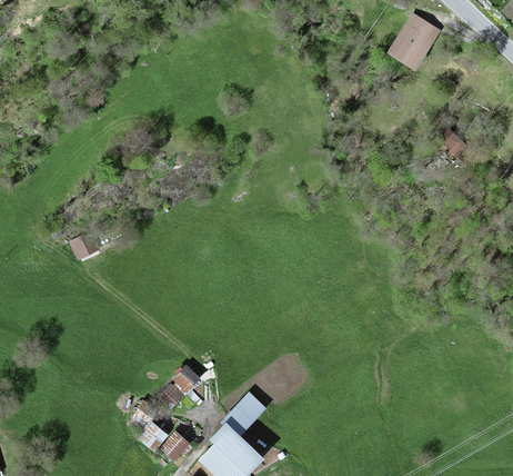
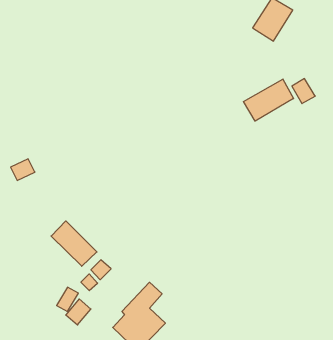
building: none -> [243,79,294,121]
building: none -> [51,221,97,266]
building: [160,430,191,460] -> none

